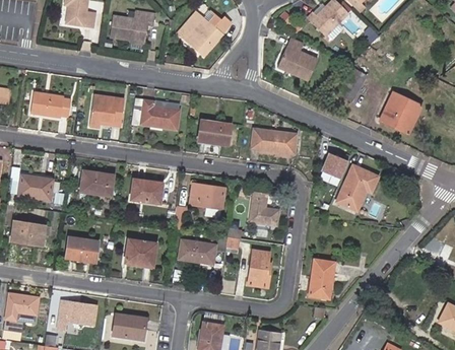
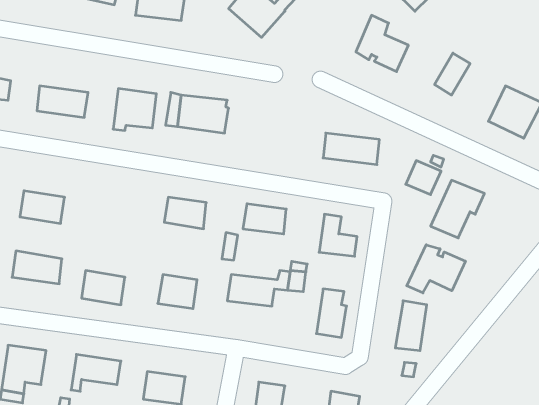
building: [199,121,231,146] -> none
building: [80,171,113,195] -> none
building: none -> [407,245,465,293]

